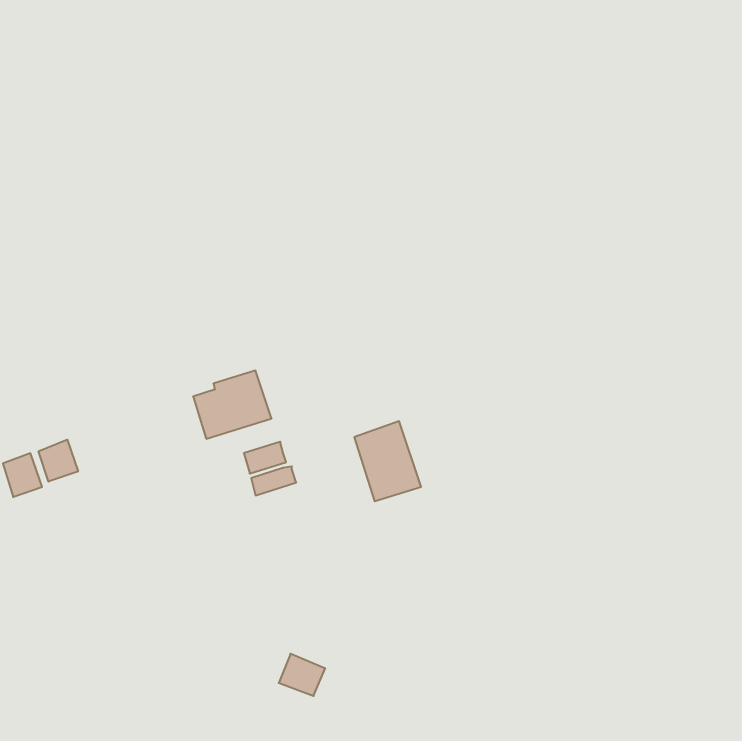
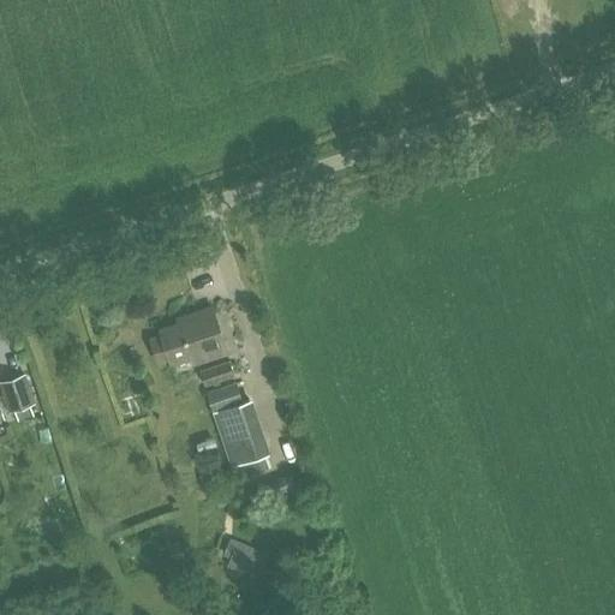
building: [354,421,421,501] -> [213,401,268,467]
building: [39,440,78,482] -> none

